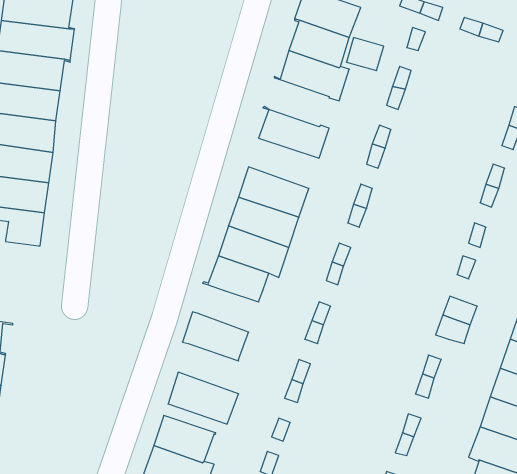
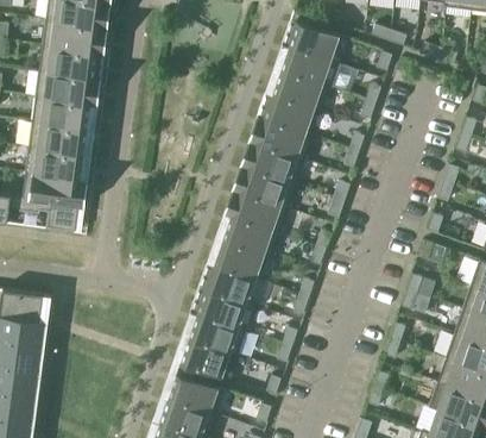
building: none -> [260,93,314,133]
building: none -> [247,143,305,184]
building: none -> [201,263,255,304]
building: none -> [189,312,247,355]

